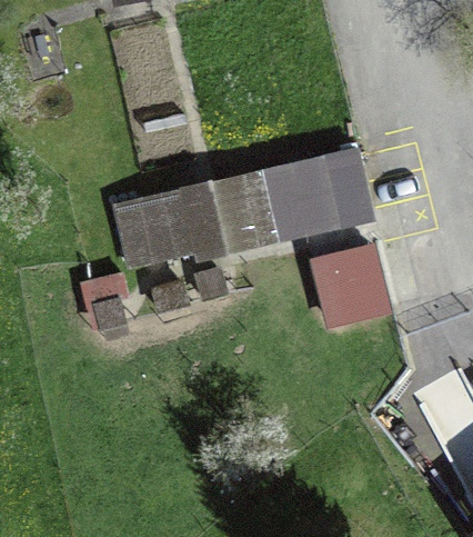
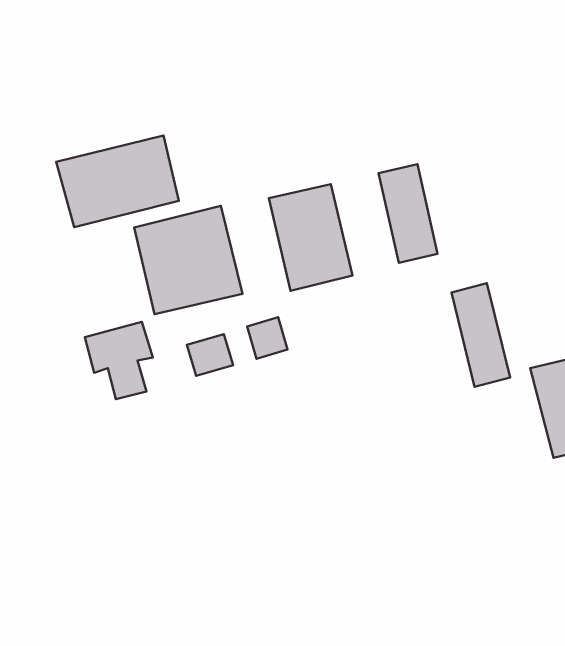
building: none -> [56,136,179,227]

